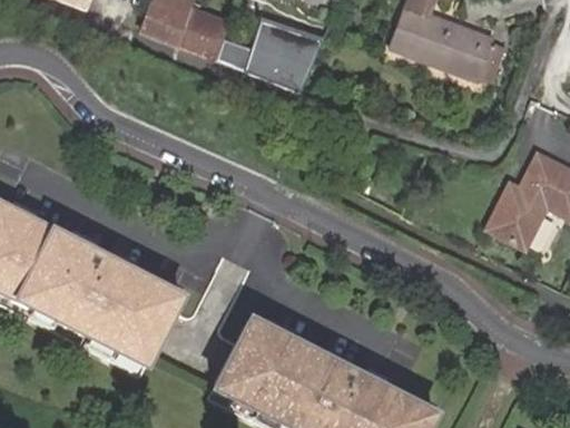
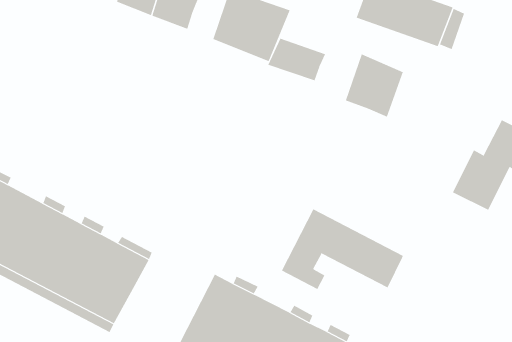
building: none -> [268,38,326,81]
building: none -> [345,53,404,117]
building: none -> [281,208,403,290]

